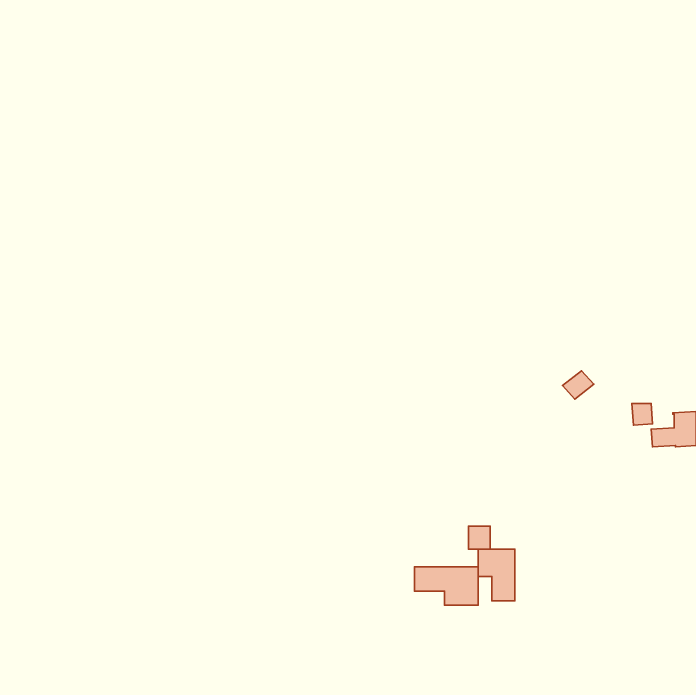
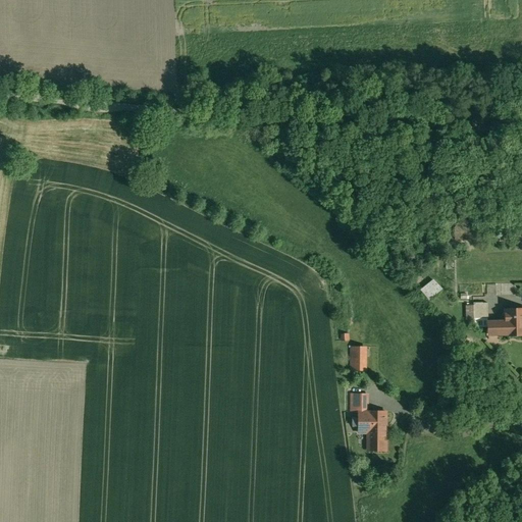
building: none -> [351,345,368,370]
building: [414,567,478,605] -> none

